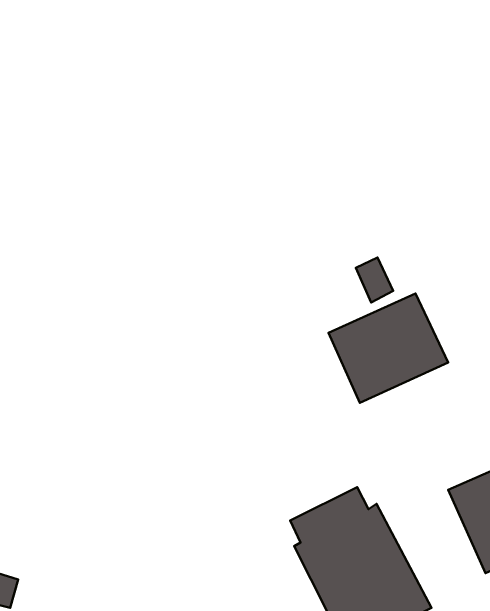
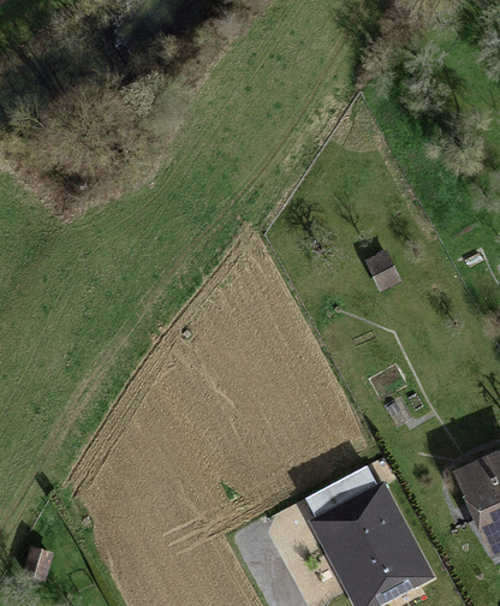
building: [328,293,448,403] -> none

